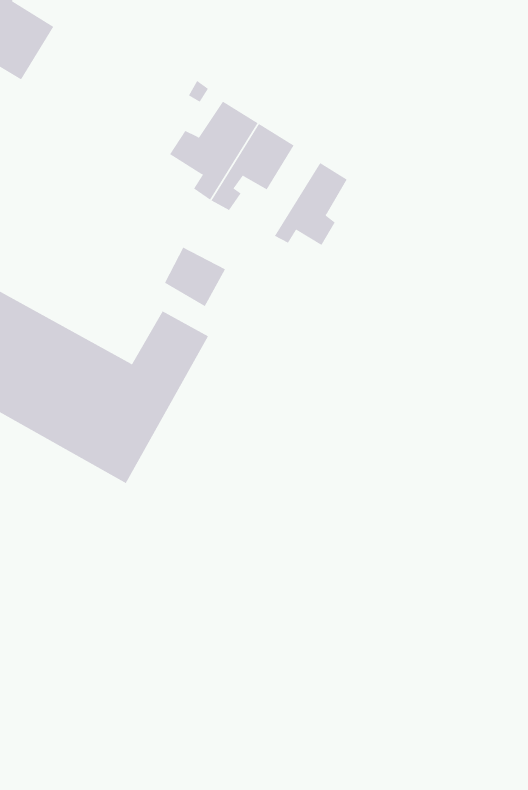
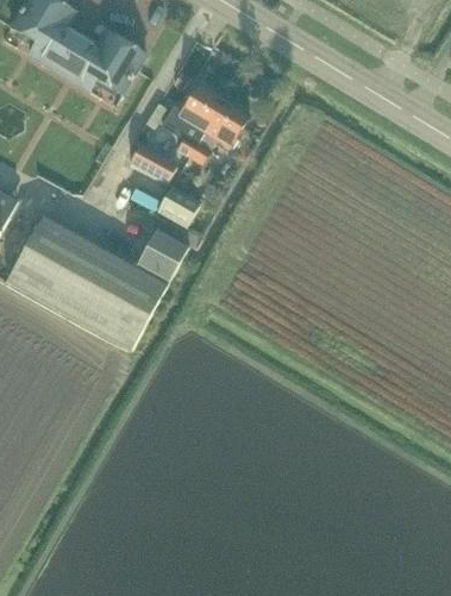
building: none -> [58,33,145,92]
building: [274,162,347,246] -> none
building: none -> [130,140,176,178]

